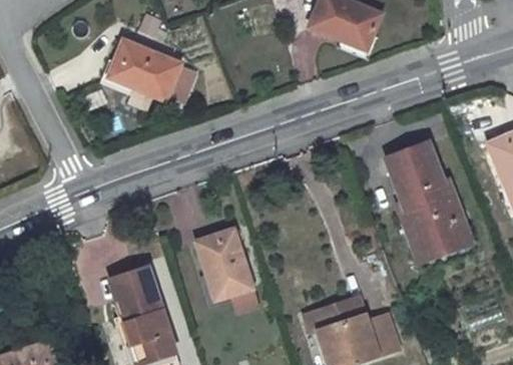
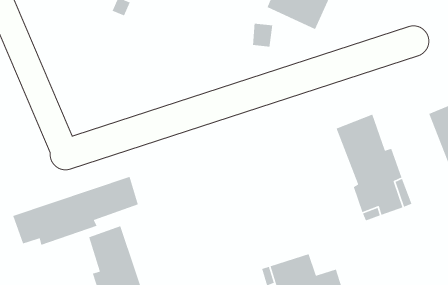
building: [108,41,197,99] -> none
building: none -> [12,176,139,246]
building: [196,230,251,299] -> none

